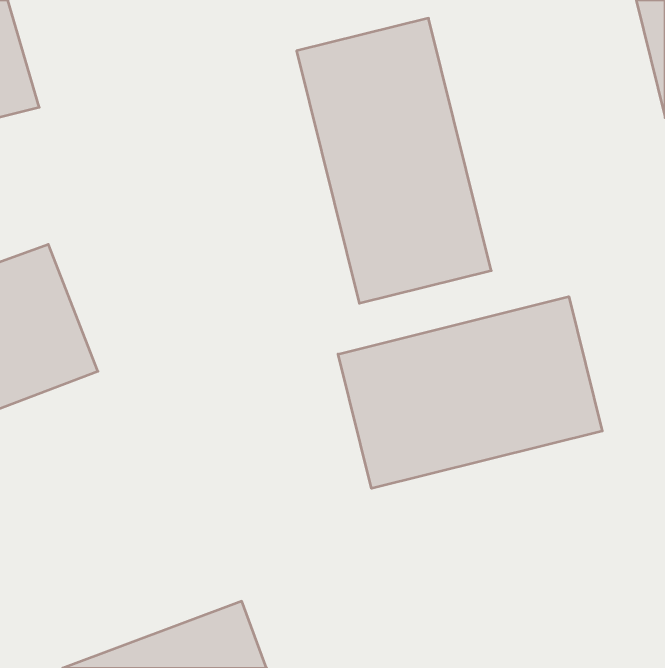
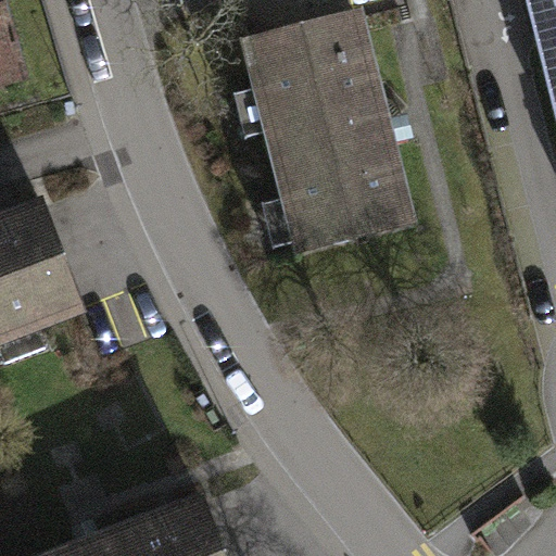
building: [338,297,602,488] -> none

